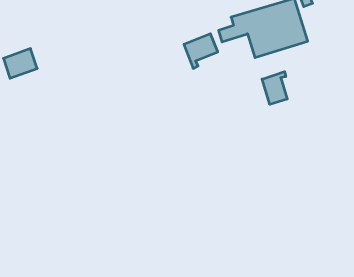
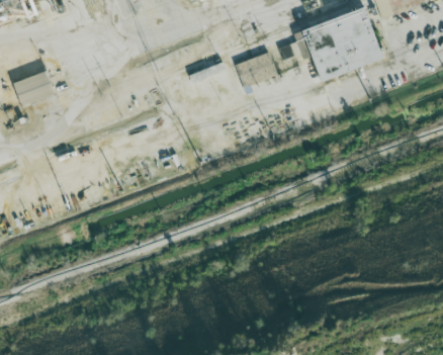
building: [262,72,287,104] -> none

